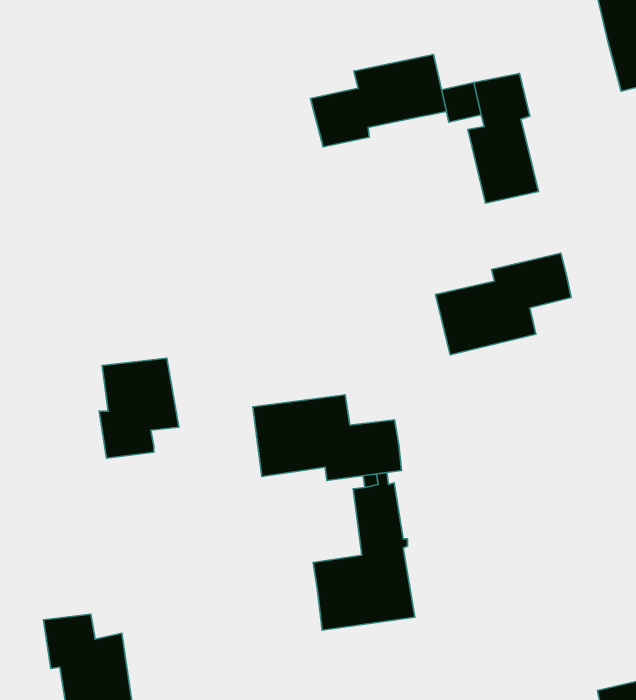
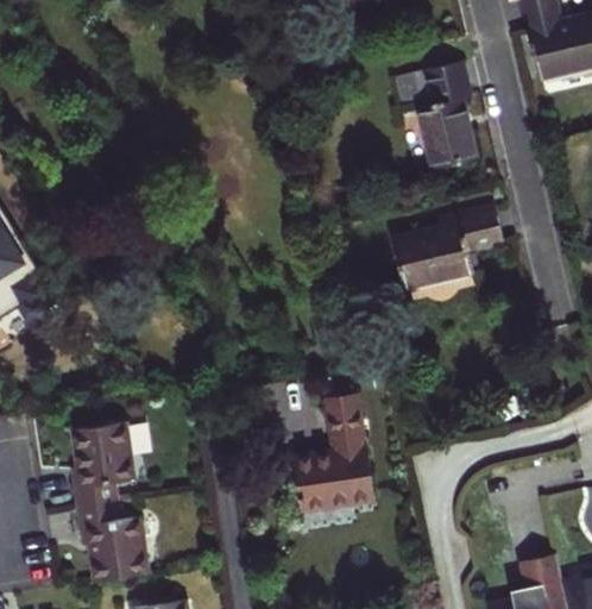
building: [311,55,446,147] -> none
building: [99,358,179,458] -> [69,423,133,504]
building: [253,395,402,481] -> none

